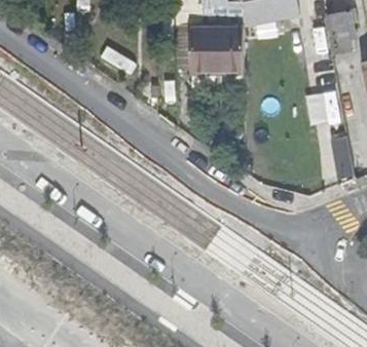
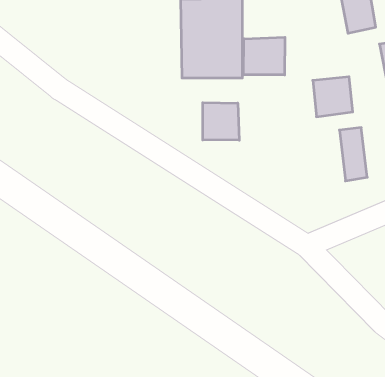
building: none -> [243,37,285,75]
building: none -> [203,103,239,140]

